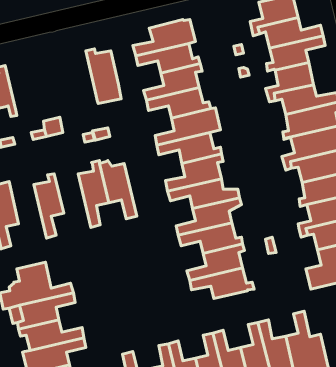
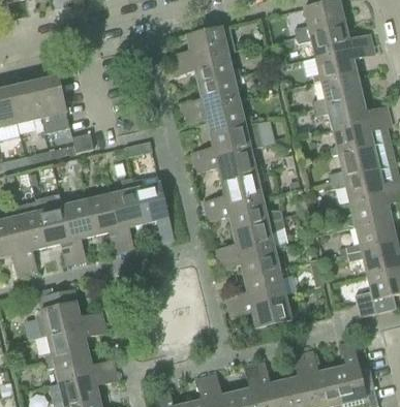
building: [86,49,121,104] -> [30,73,68,132]
building: none -> [83,190,122,252]
building: none -> [34,192,74,263]

